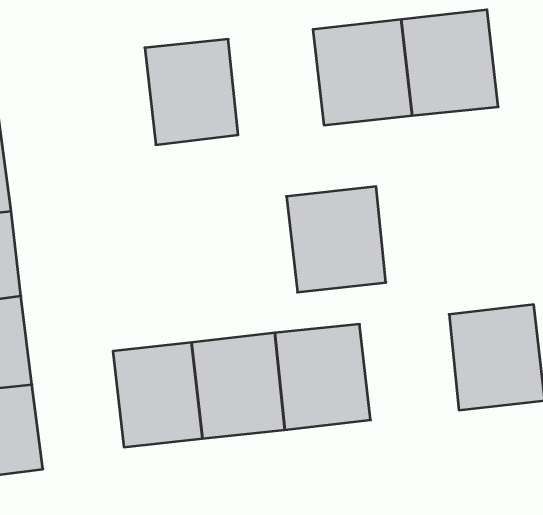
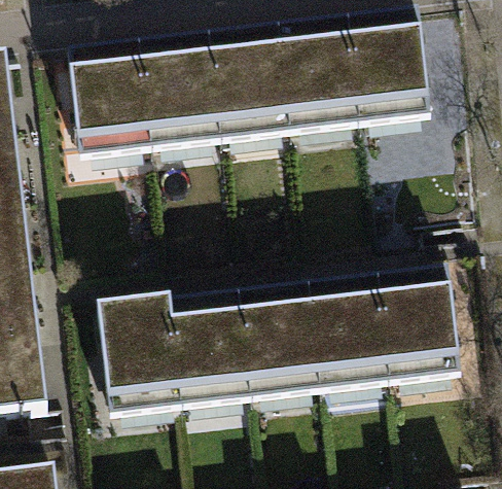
building: none -> [199,40,279,129]
building: none -> [63,56,138,144]
building: [286,187,386,292] -> [309,279,392,368]

